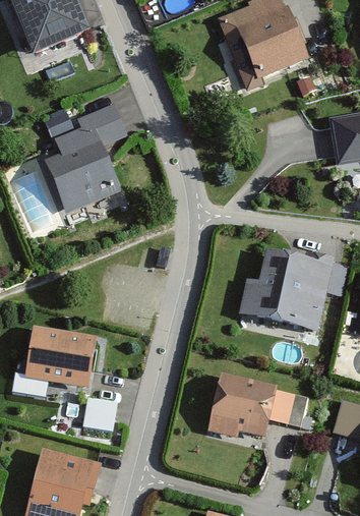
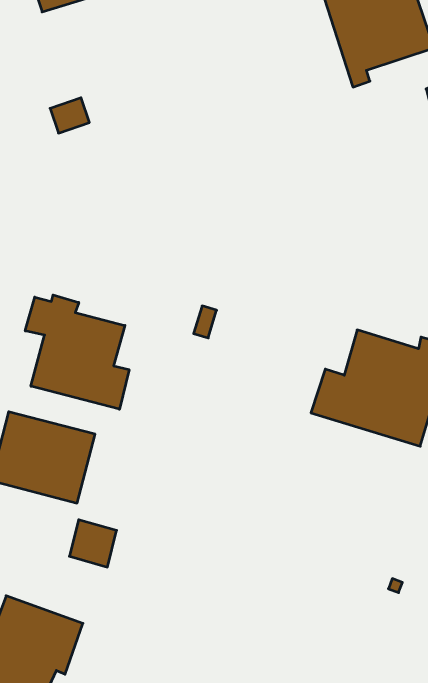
building: [48,105,126,210] -> none
building: none -> [25,295,129,409]
building: [208,375,305,435] -> none

